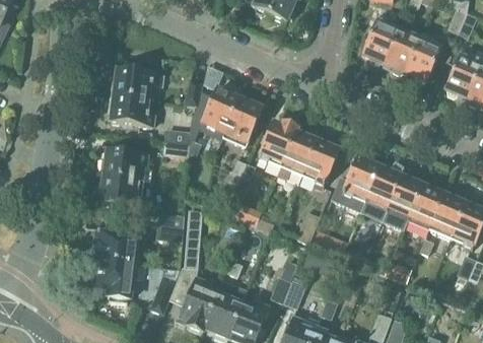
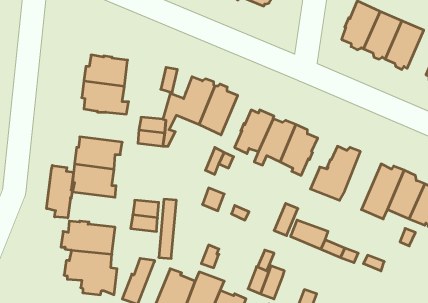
building: [360,163,401,220] -> none
building: none -> [47,165,74,218]

